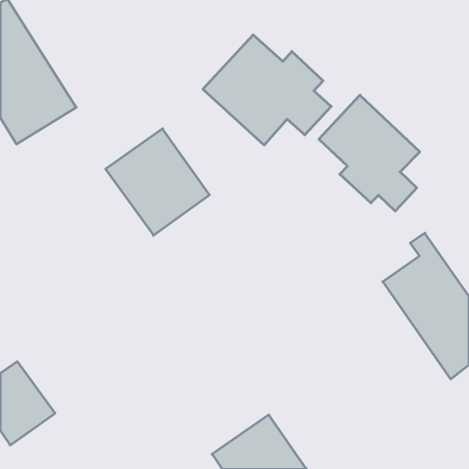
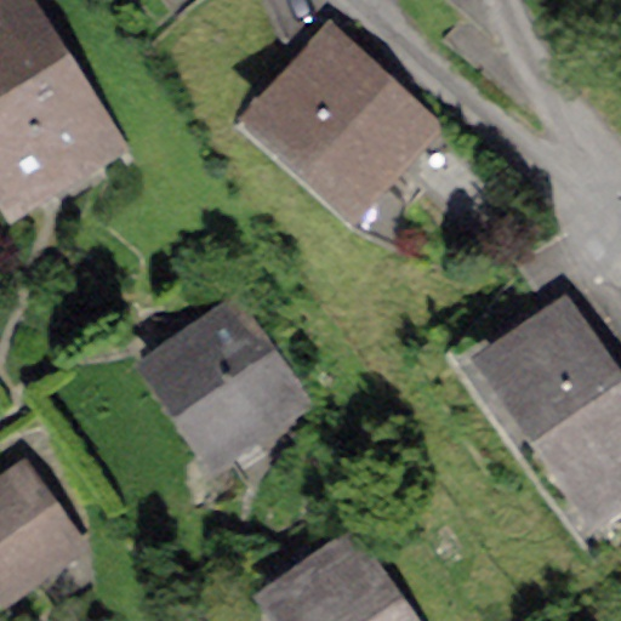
building: [319,95,420,211] -> none
building: [106,129,209,235] -> [160,313,297,454]

